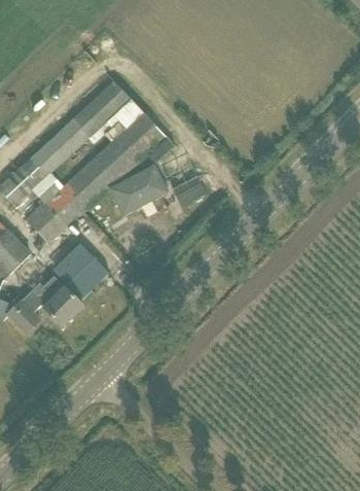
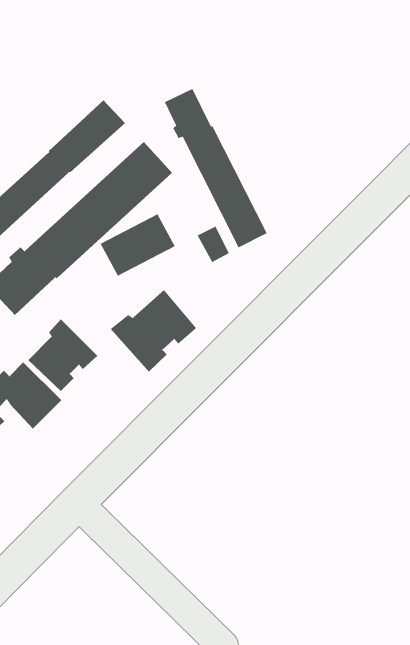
building: none -> [164,88,268,249]
building: none -> [110,289,197,373]

